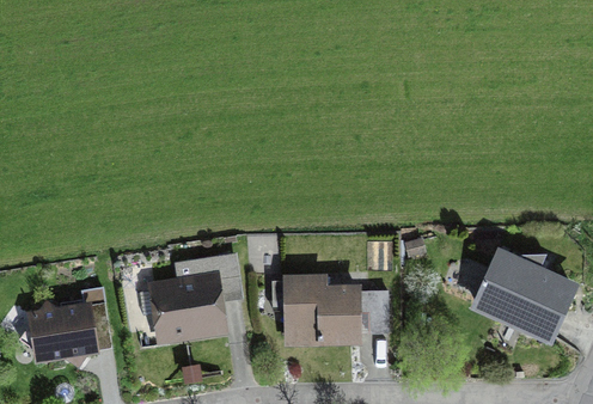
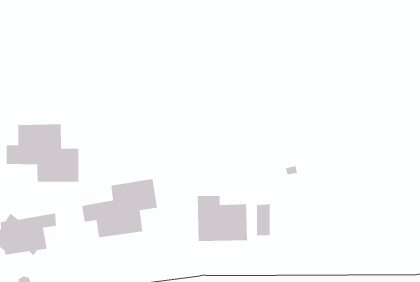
building: none -> [6,124,79,183]
building: [477,256,571,338] -> none

